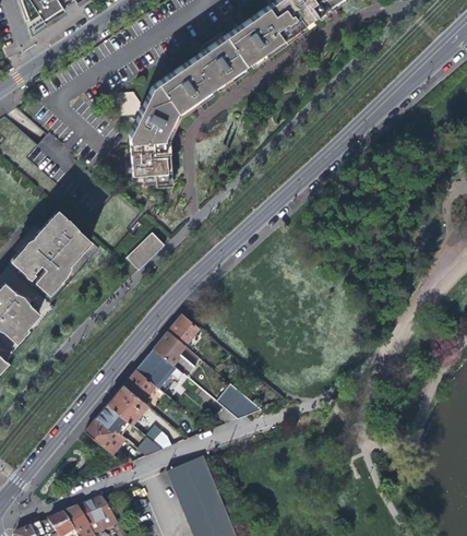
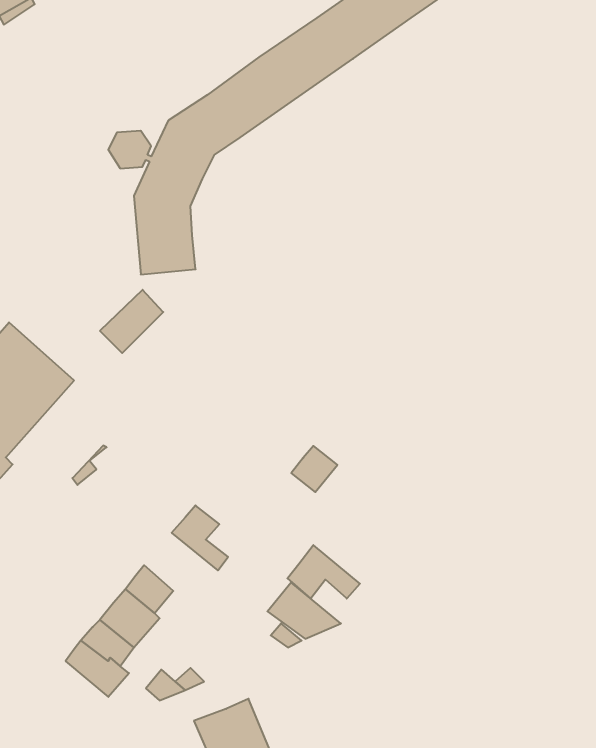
building: [121,227,161,267] -> [100,290,163,353]
building: [169,315,199,345] -> [291,446,337,492]
building: [136,350,183,390] -> none
building: none -> [287,545,360,599]

